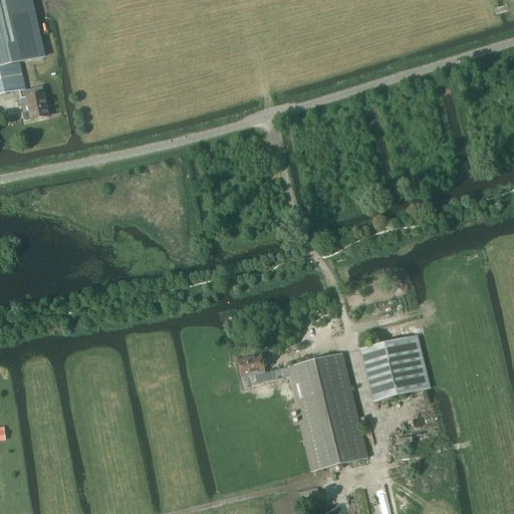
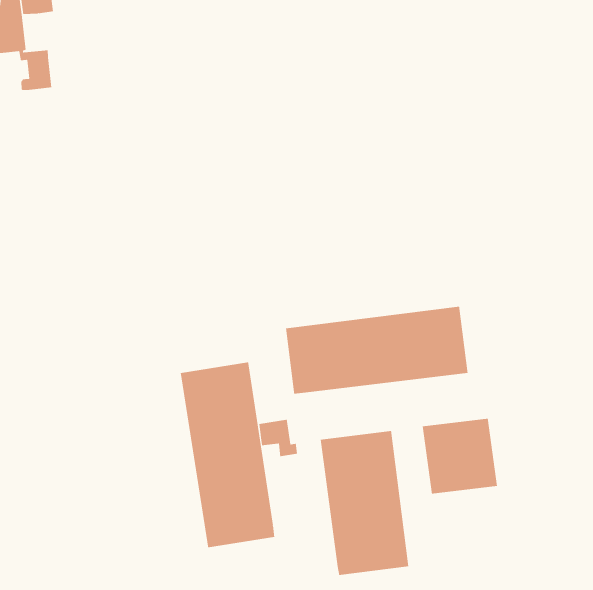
building: none -> [286,306,468,394]
building: none -> [180,361,275,548]

